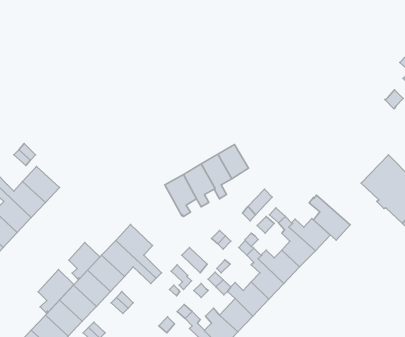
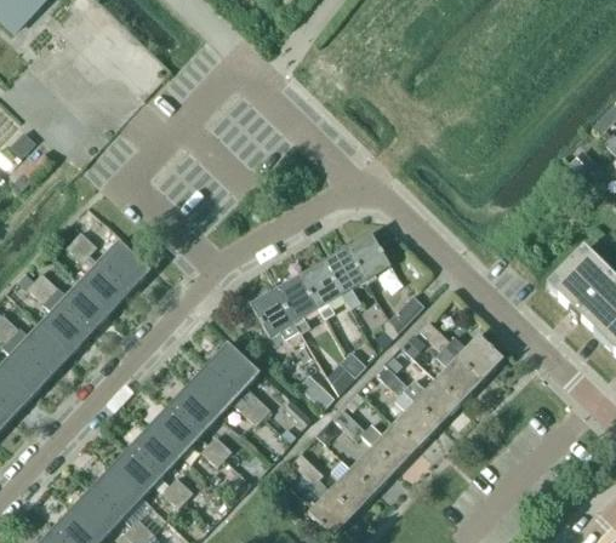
building: none -> [97,242,148,292]
building: none -> [249,288,297,345]
building: [309,195,350,240] -> none
building: [69,242,100,279] -> none
building: [38,270,74,313] -> none

